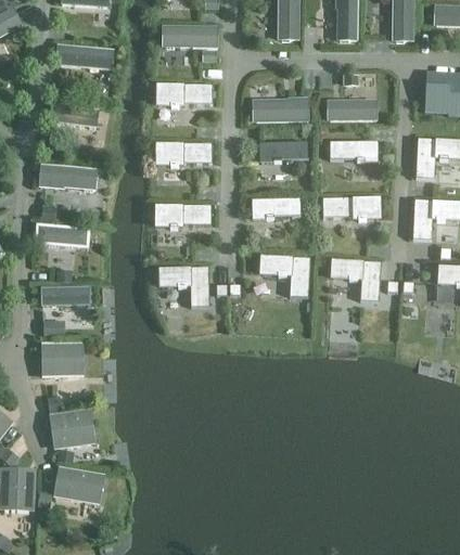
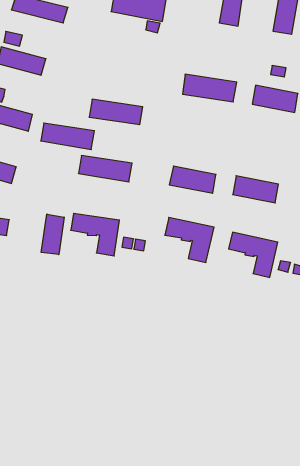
building: [156,82,212,103] -> [41,123,94,150]
building: [263,140,310,162] -> none
building: [331,141,379,163] -> none
building: none -> [41,214,64,255]

